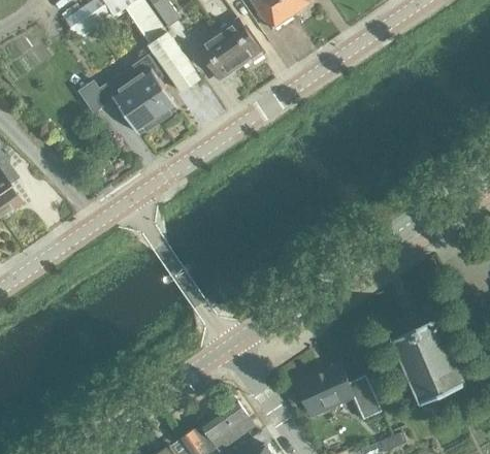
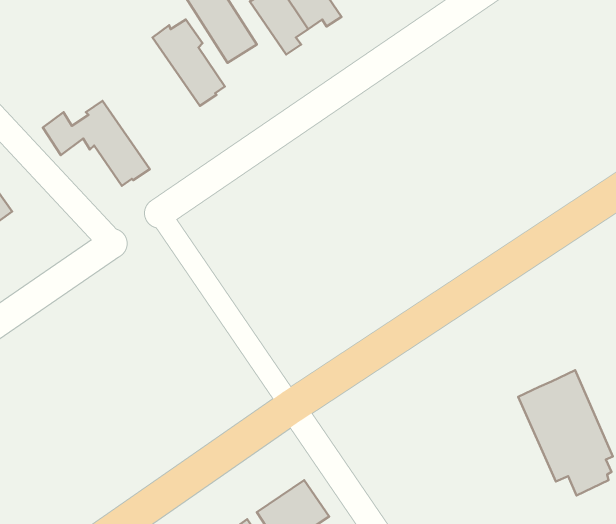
building: [78,72,158,135] -> [43,101,150,186]
building: [295,363,380,420] -> none

